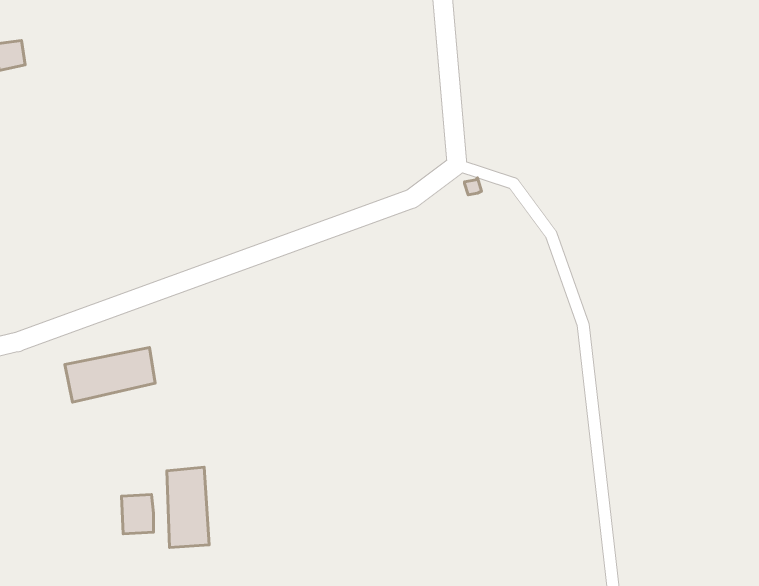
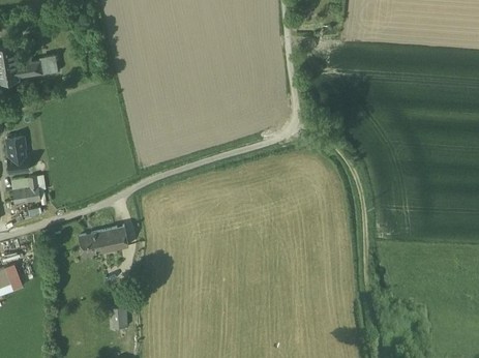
building: [167,467,209,547] -> none

